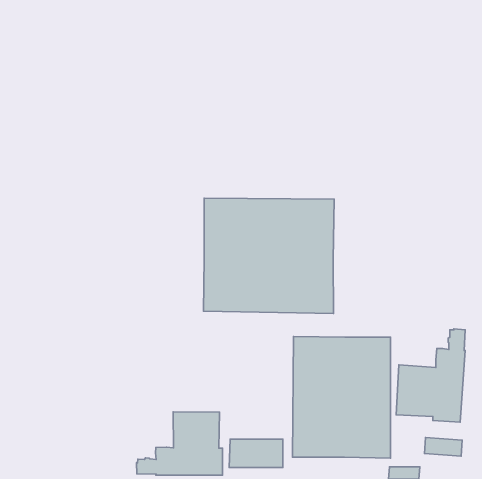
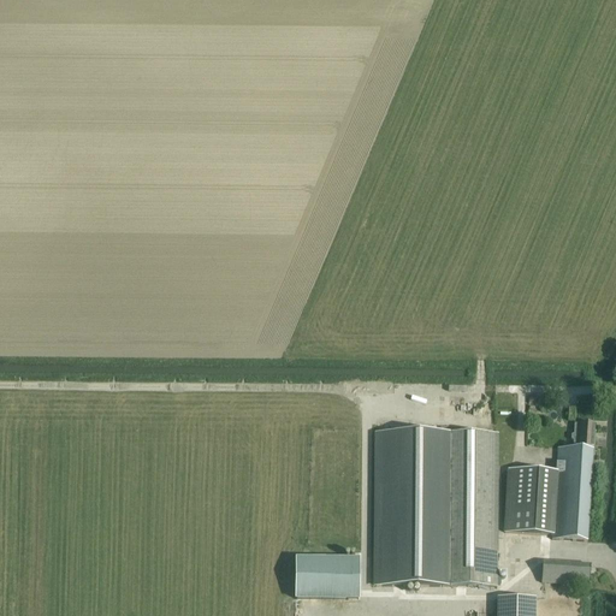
building: [203,198,334,313] -> none
building: [137,412,223,475] -> none

